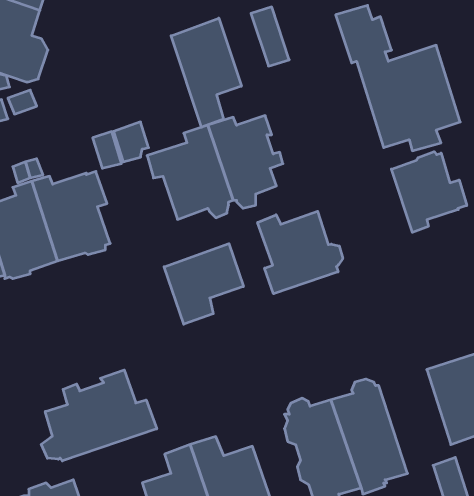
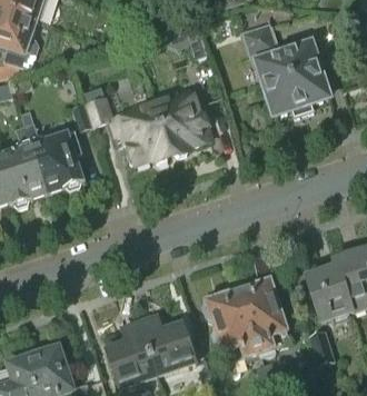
building: [171,18,241,127] -> none
building: [391,152,467,232] -> none
building: [258,211,343,294] -> none
building: [164,244,243,324] -> none
building: [41,370,157,461] -> none

